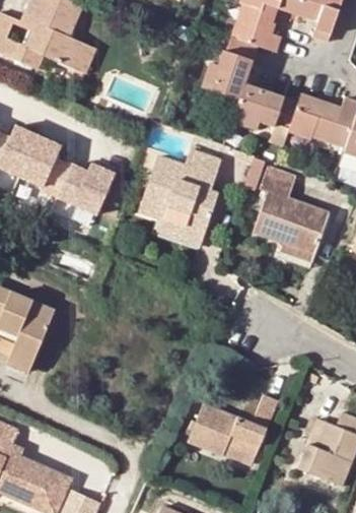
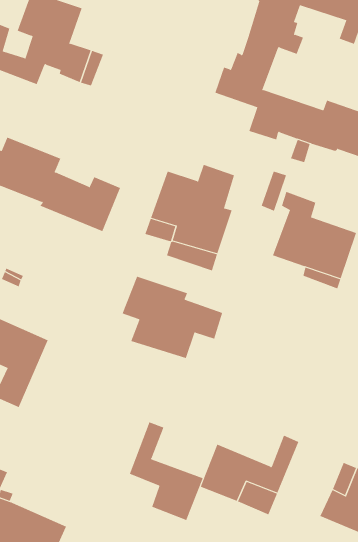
building: none -> [122,276,223,359]
building: none -> [129,422,203,521]

